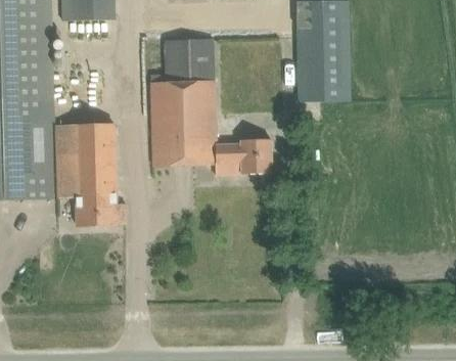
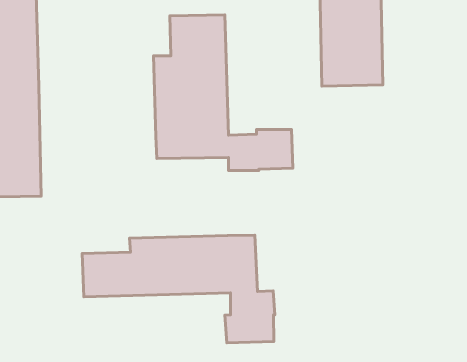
building: [56,124,127,225] -> none
building: none -> [82,235,275,343]

